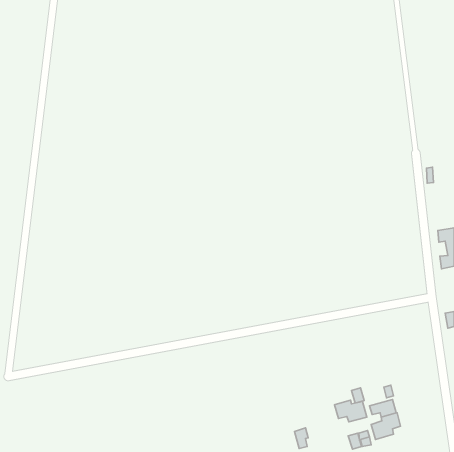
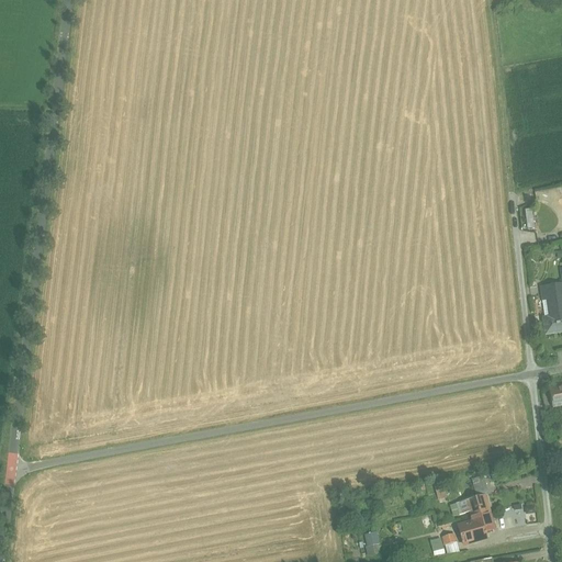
building: [334,400,367,422] -> none

